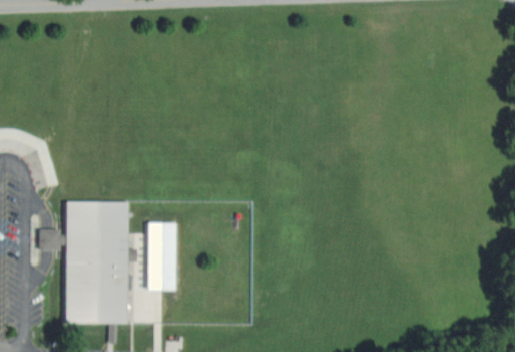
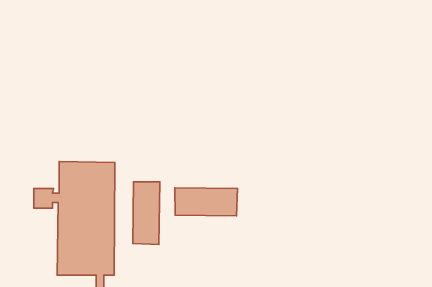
building: none -> [175,188,237,216]

